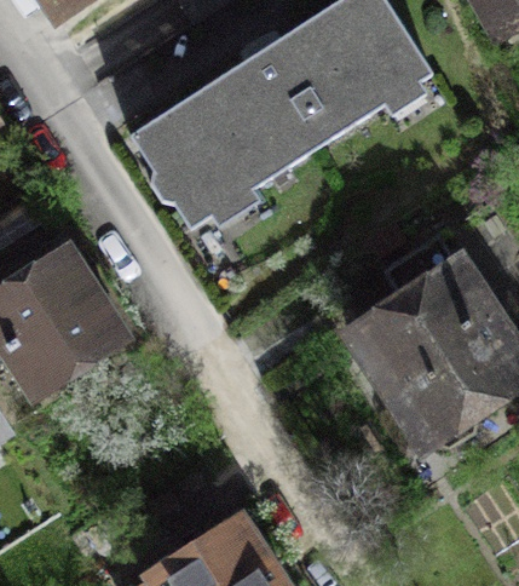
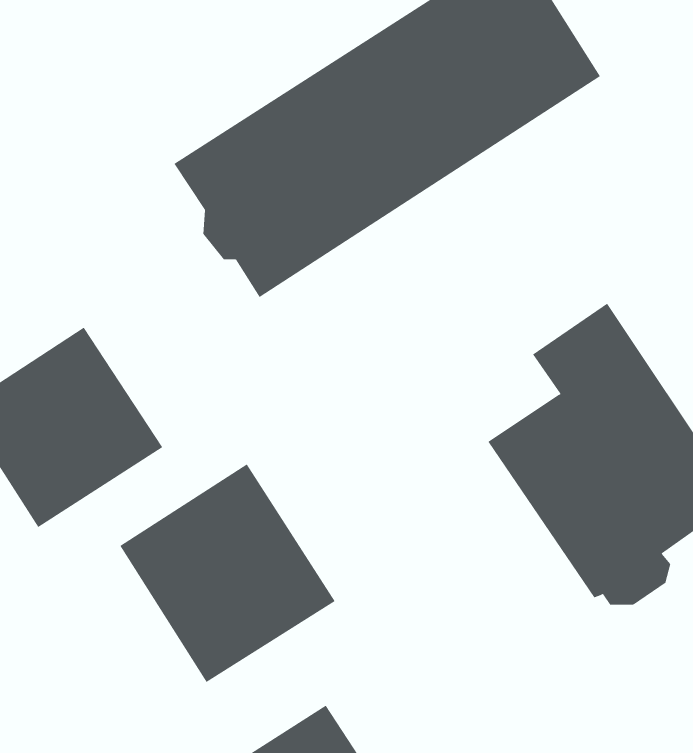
building: none -> [120,464,335,683]

